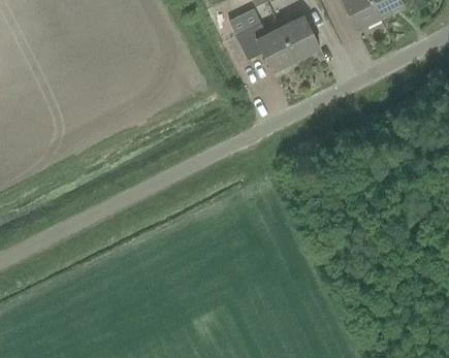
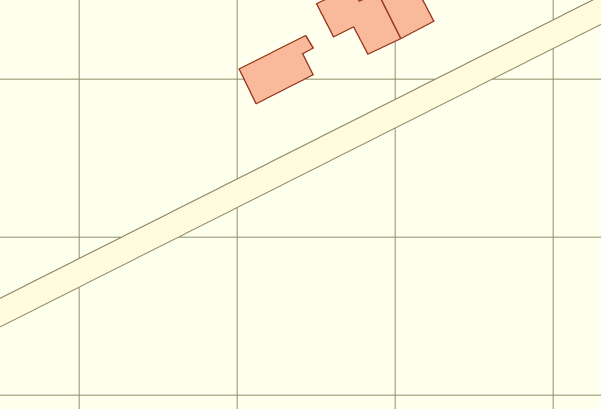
building: none -> [239,36,313,104]

